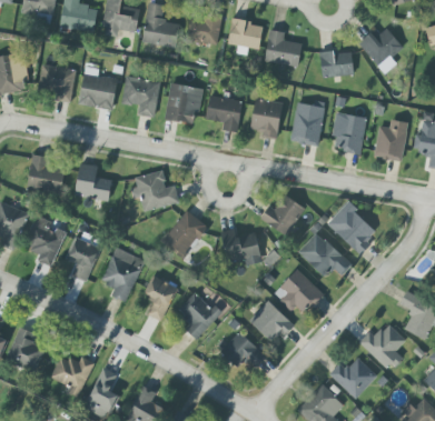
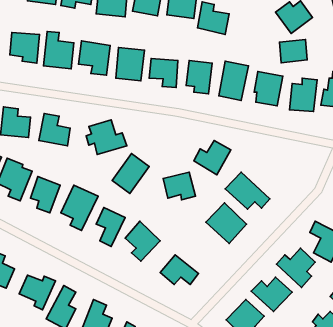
building: [319,50,353,78] -> [279,39,307,63]
building: [326,202,377,253] -> none
building: [249,301,293,344] -> none

